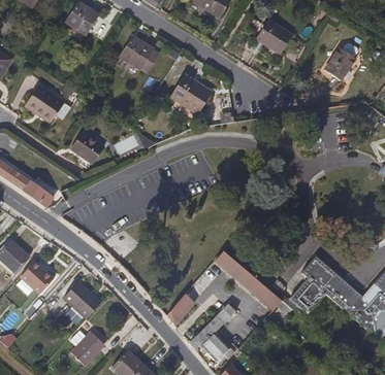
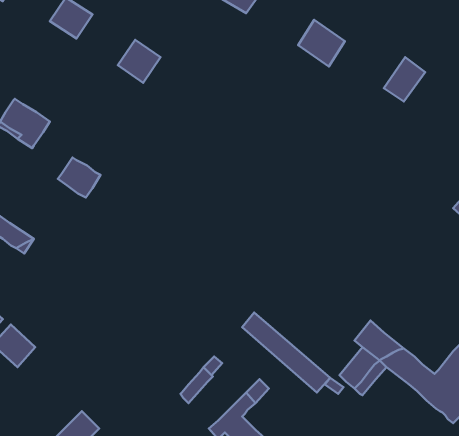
building: [170,79,212,118] -> none
building: [61,280,101,327] -> none

